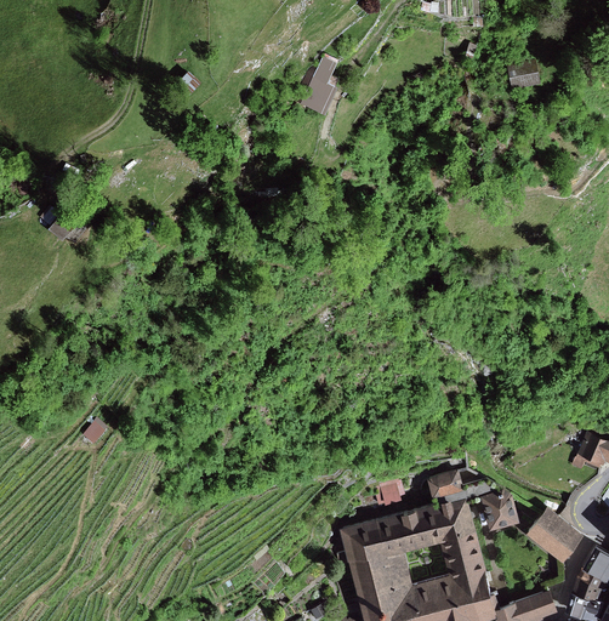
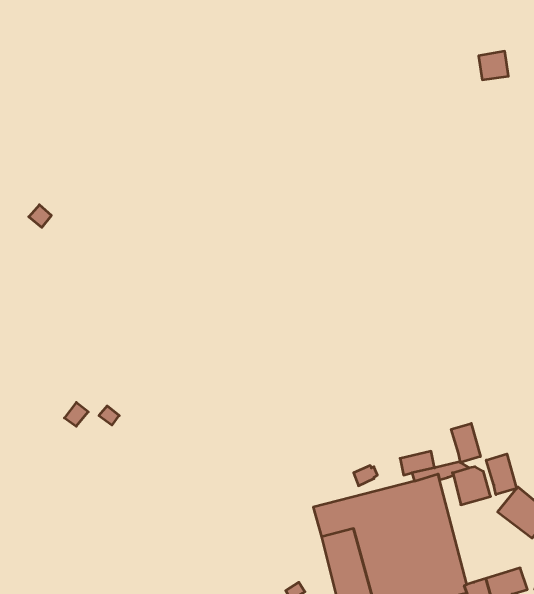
building: [297,58,338,118] -> none
building: none -> [451,423,480,463]
building: none -> [486,454,517,495]

